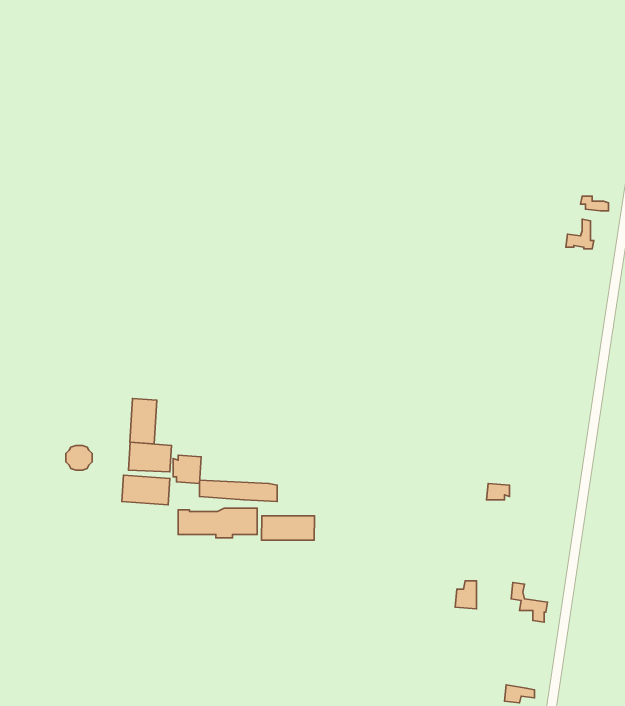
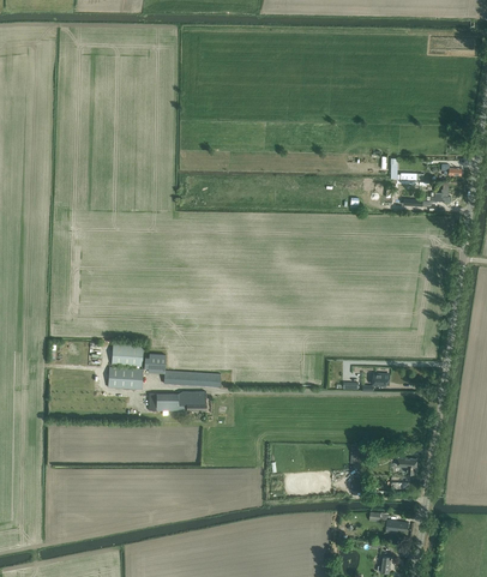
building: [130,398,157,444] -> none
building: [261,516,314,540] -> none

